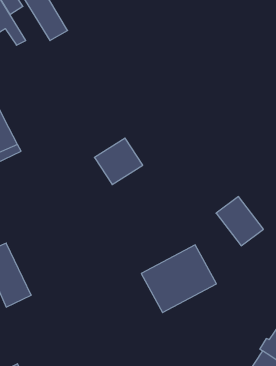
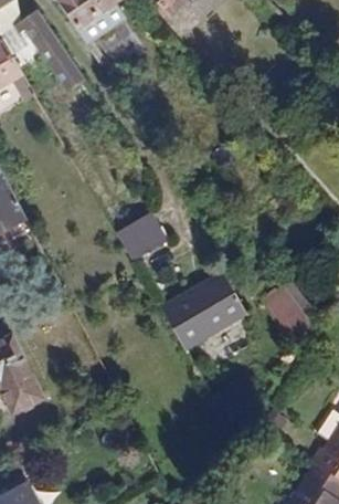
building: [141,245,216,313] -> [160,270,250,350]

